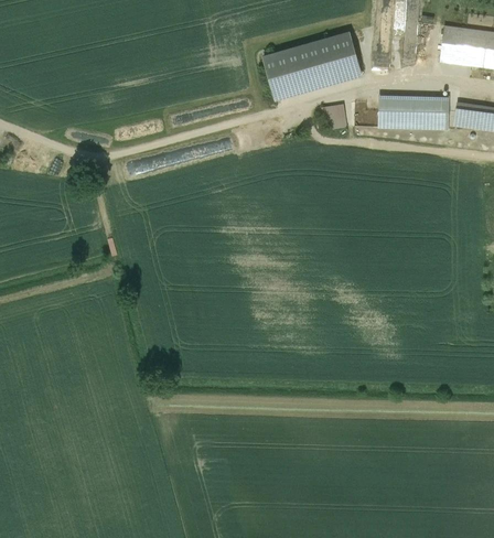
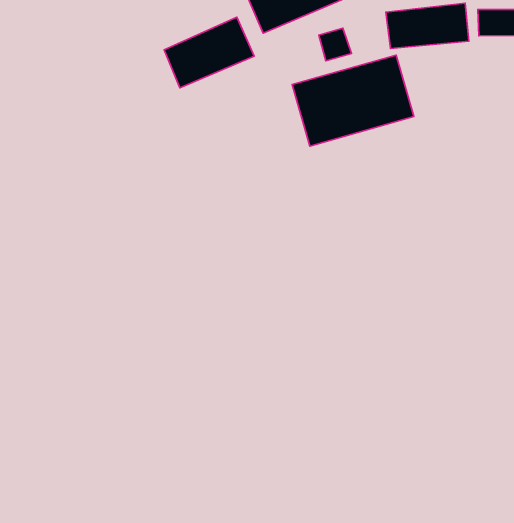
building: none -> [164,17,254,88]
building: none -> [292,55,414,146]

